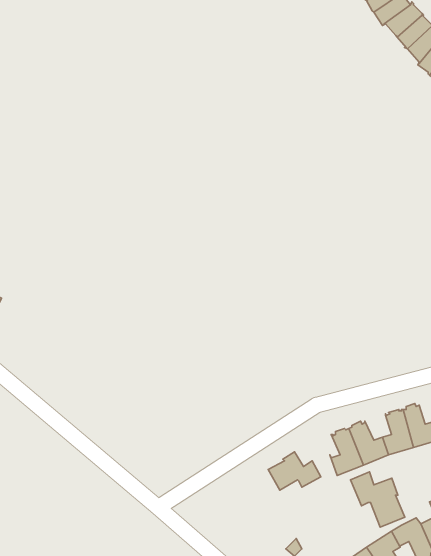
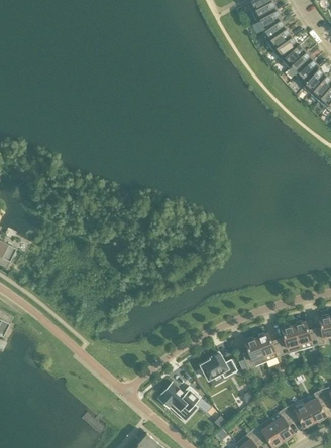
building: [351,472,405,527] -> none
building: none -> [158,383,201,410]

